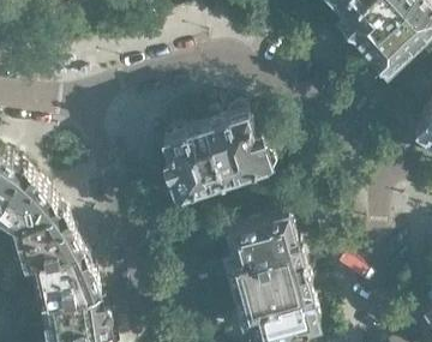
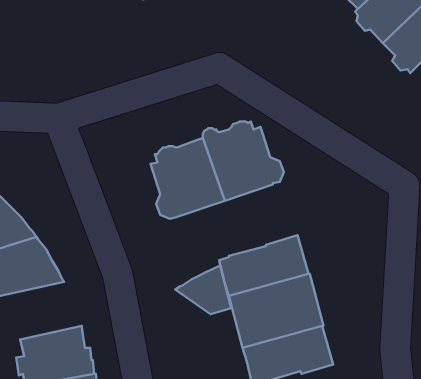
building: none -> [175,265,231,314]
building: [35,256,101,307] -> none

